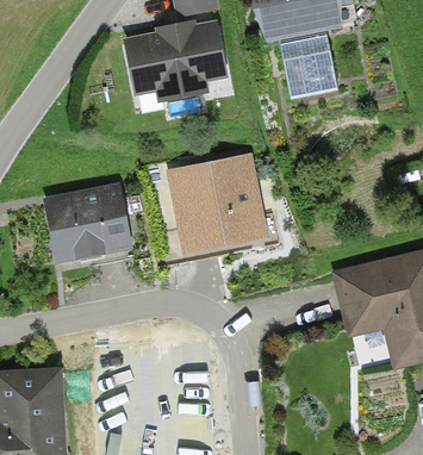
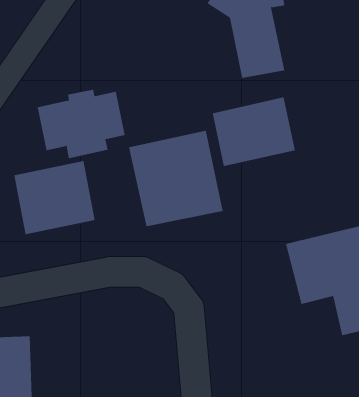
building: [125,24,219,98] -> [37,89,125,159]
building: none -> [212,97,295,167]

